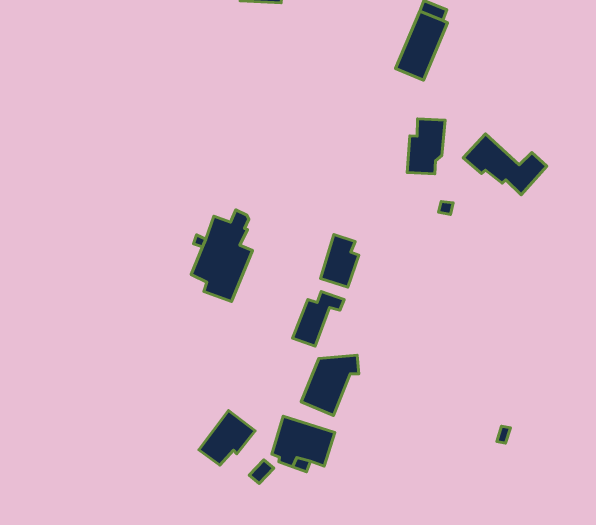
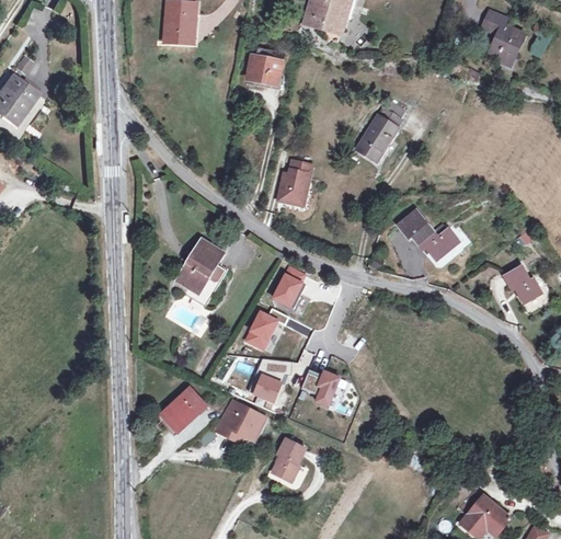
building: [407,119,445,174] -> [276,161,311,205]
building: none -> [301,371,340,408]
building: none -> [272,438,305,482]

